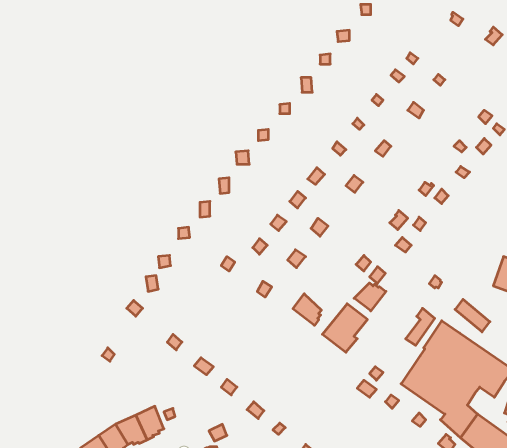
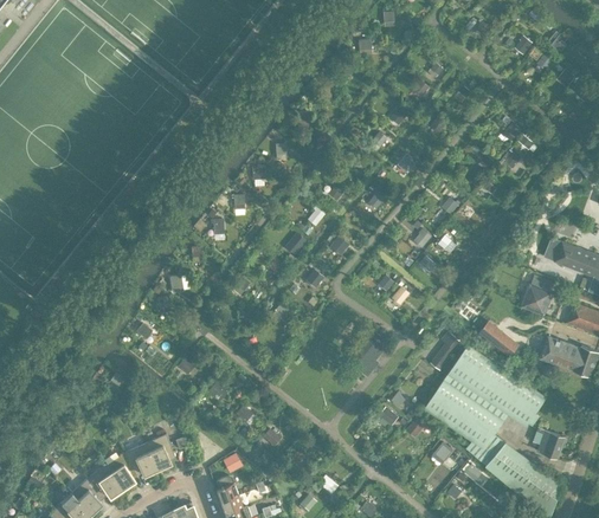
building: [354,283,386,311] -> none
building: [293,294,321,325] -> none

